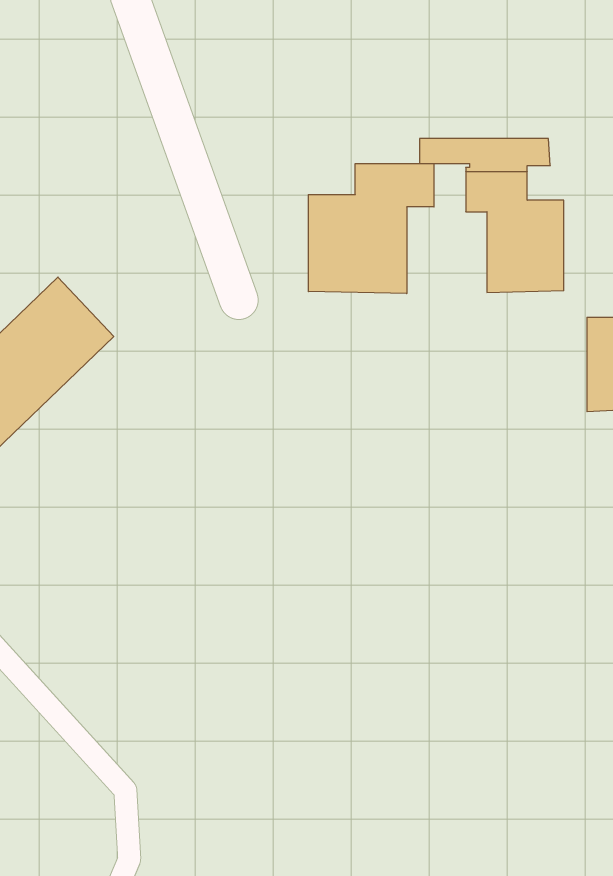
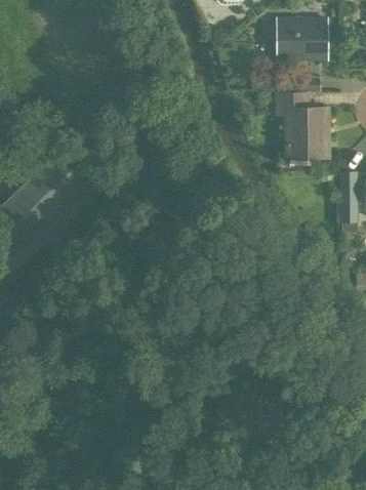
building: none -> [277,19,327,62]
building: [308,164,434,294] -> none

